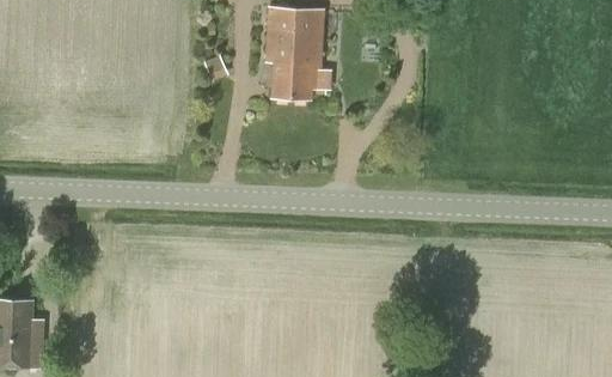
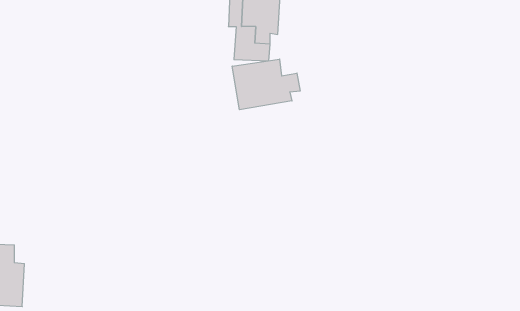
building: none -> [232,59,300,110]

